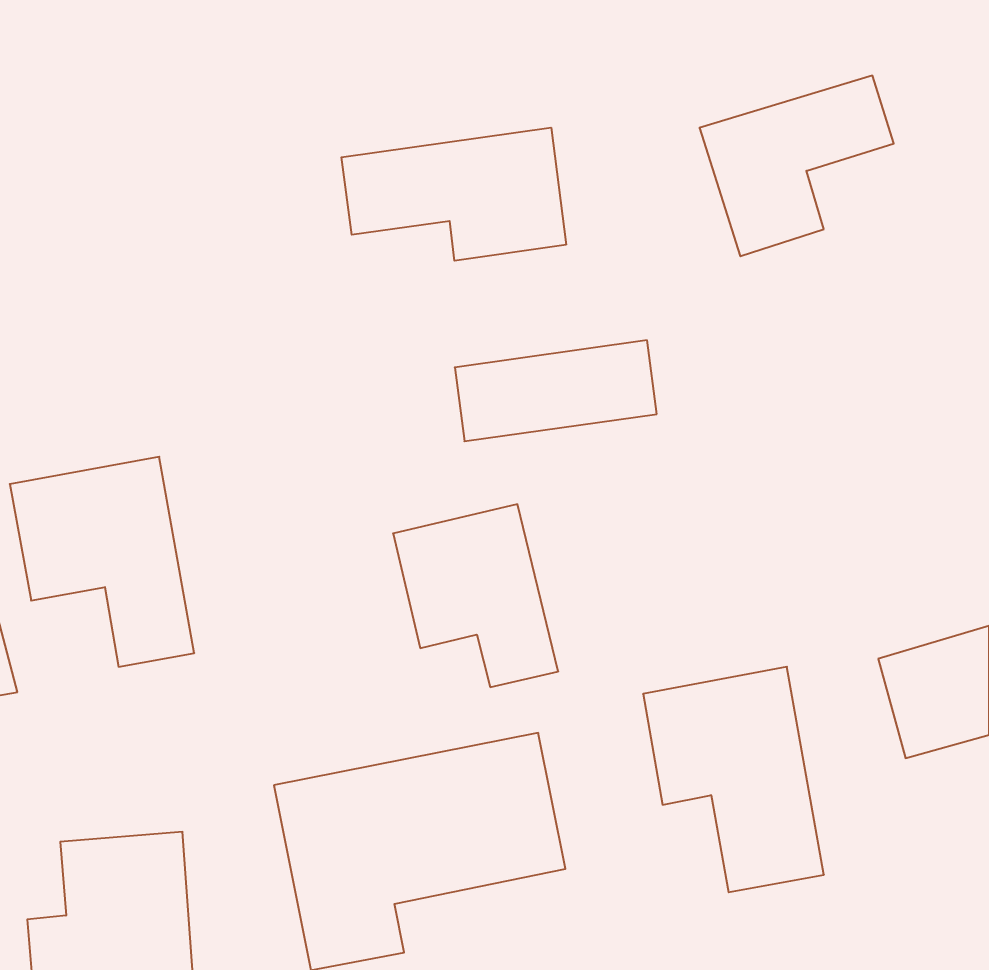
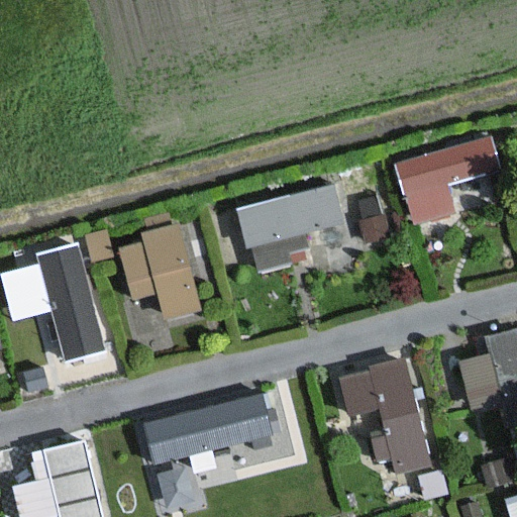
building: [699,76,894,256] -> [392,137,493,231]
building: [341,128,566,261] -> none
building: [393,504,558,687] -> [115,227,201,322]

